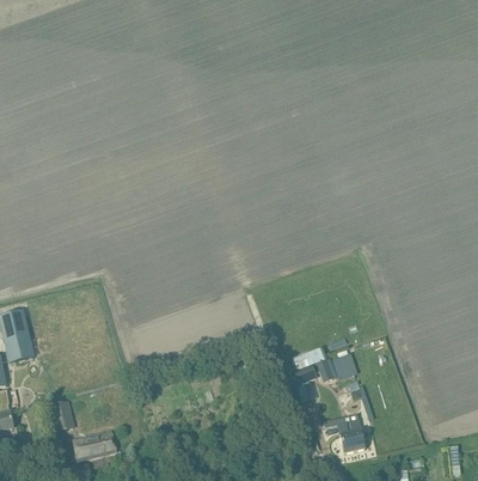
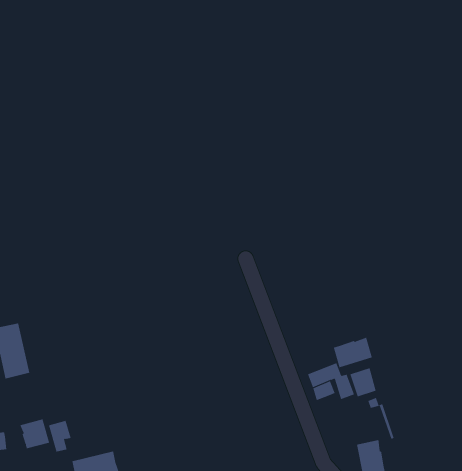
building: none -> [333,337,372,368]
building: none -> [20,419,50,449]

